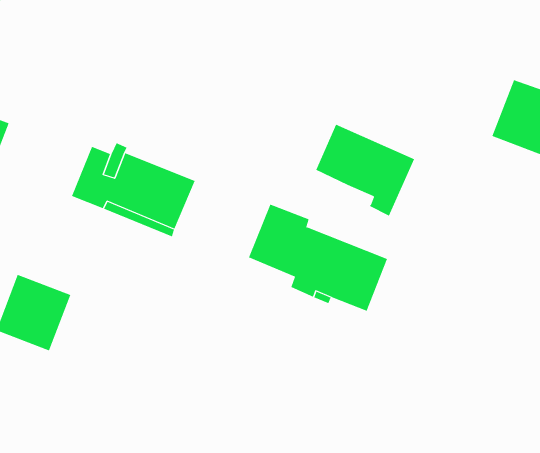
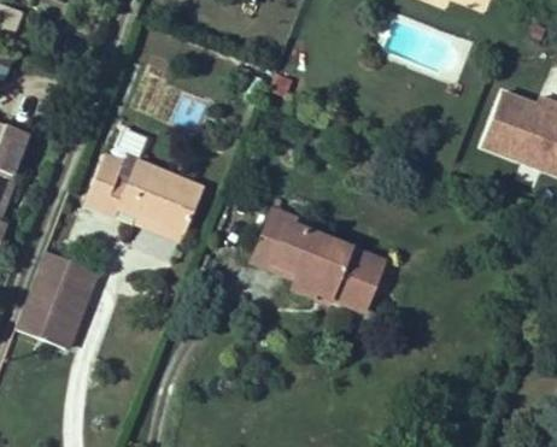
building: [316,124,415,216] -> none
building: none -> [36,251,95,293]

